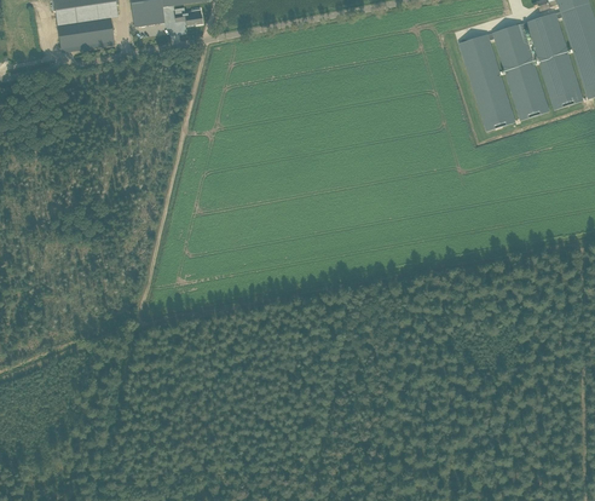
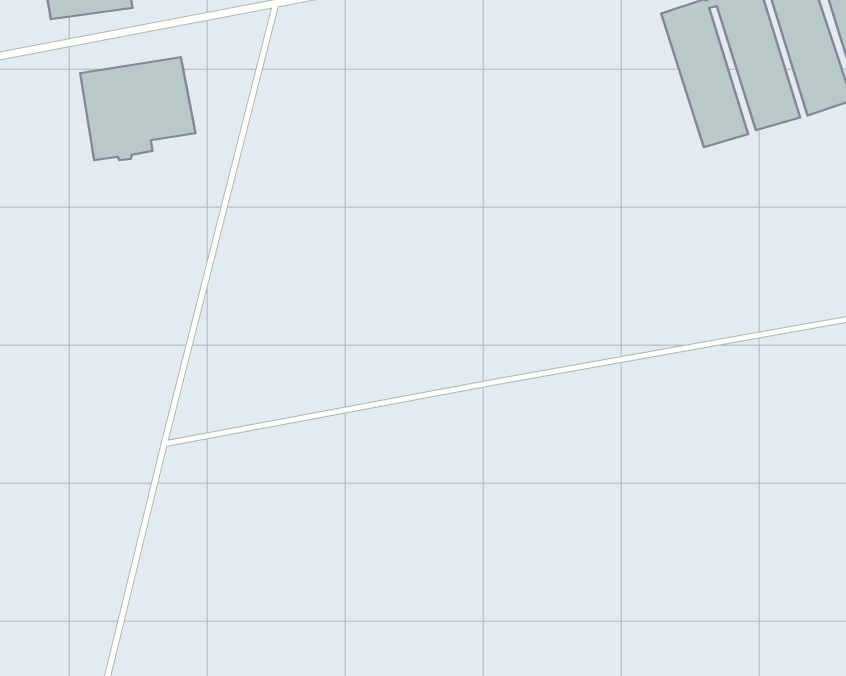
building: none -> [80,57,195,160]

